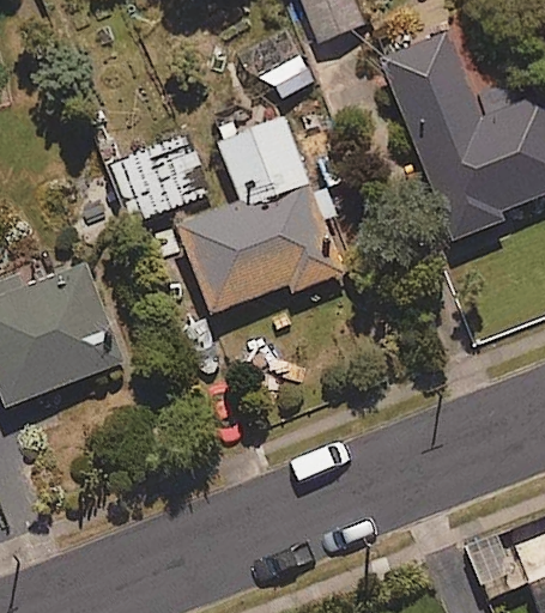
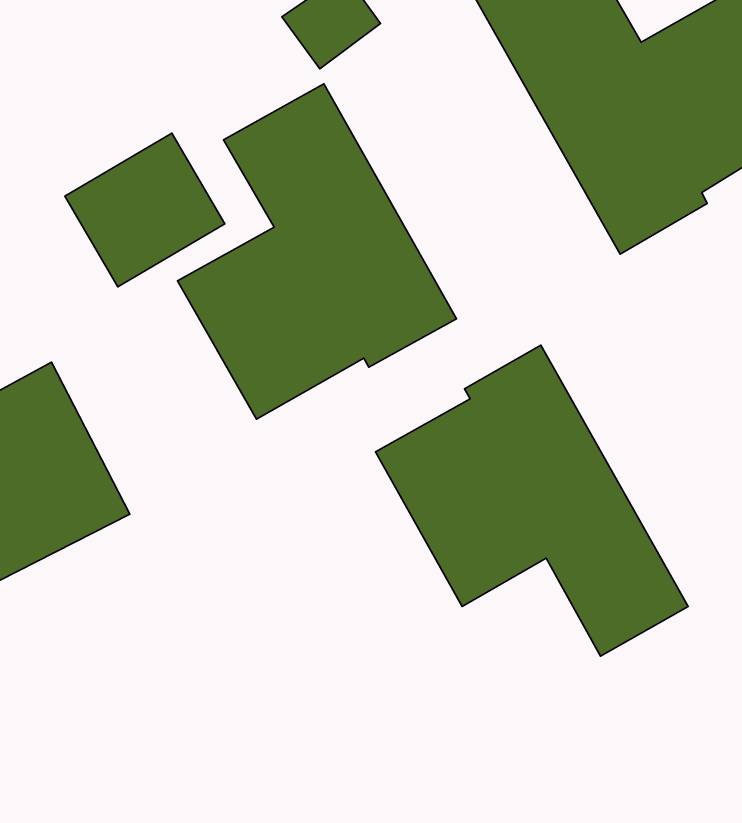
building: none -> [376,345,688,656]

